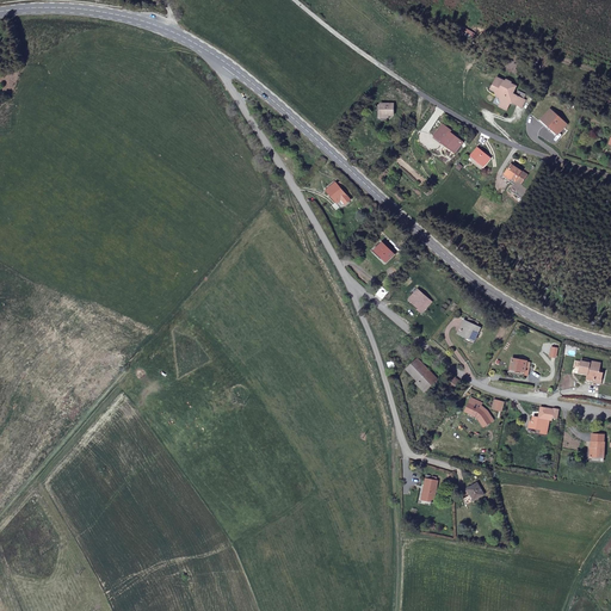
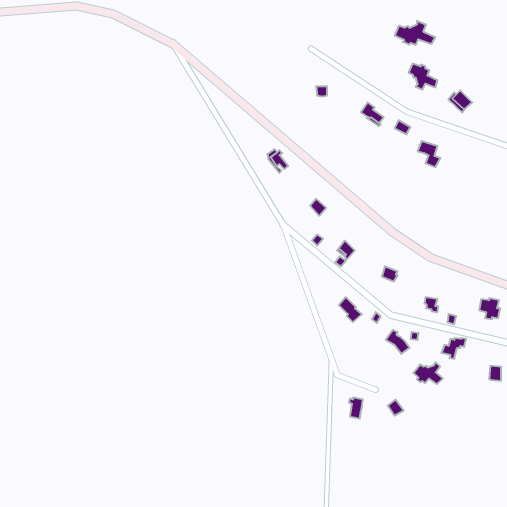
building: none -> [395,21,435,45]
building: none -> [413,362,443,384]

